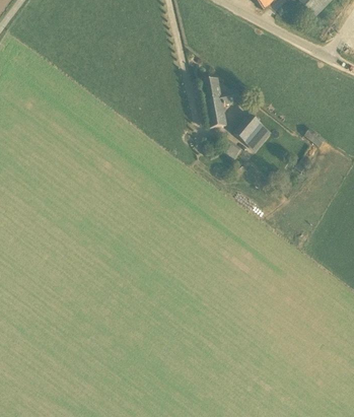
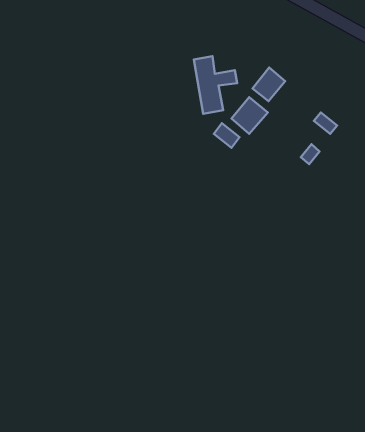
building: none -> [252,67,285,101]

